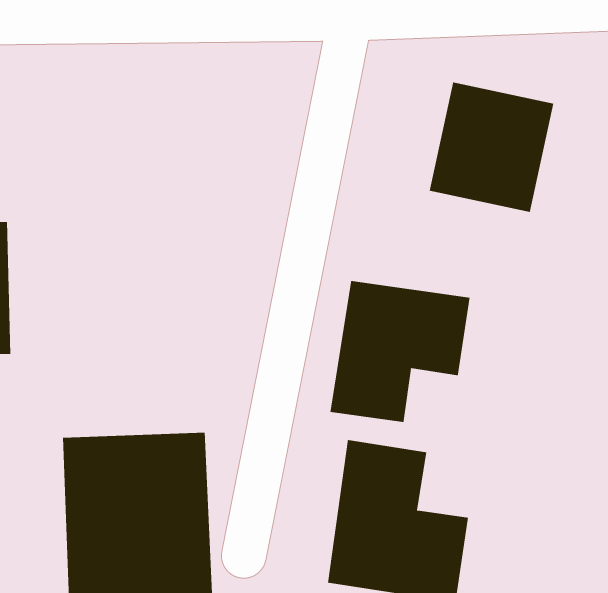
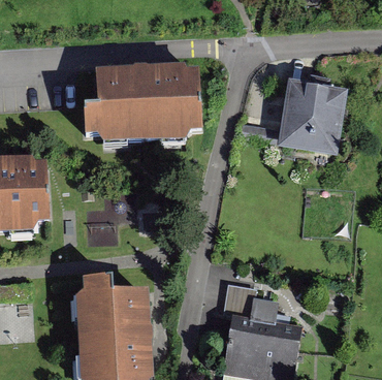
building: none -> [74,67,202,145]
building: [330,280,470,423] -> none

